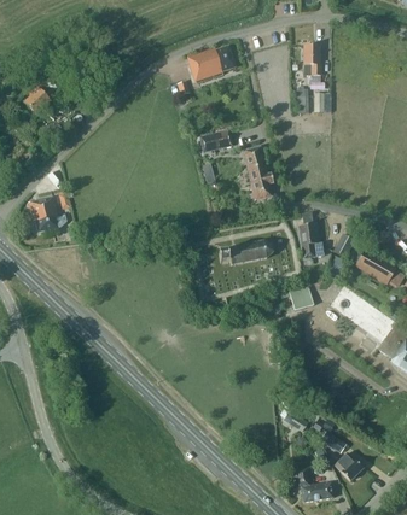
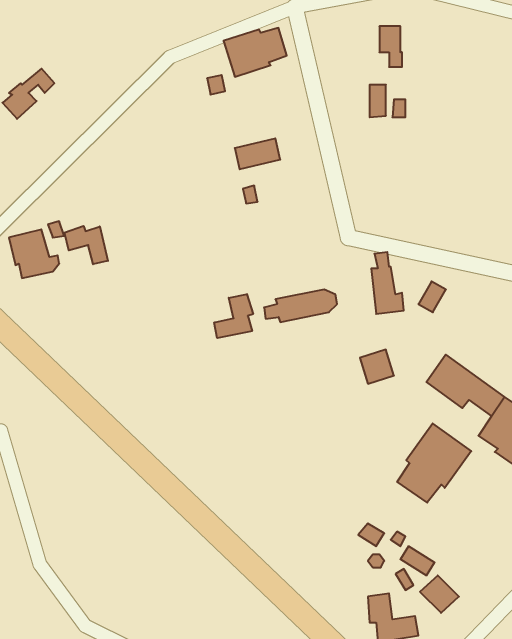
building: [244,147,273,199] -> none
building: none -> [64,226,108,264]
building: none -> [214,294,253,338]
building: [355,247,396,283] -> none
building: none -> [397,423,471,503]

